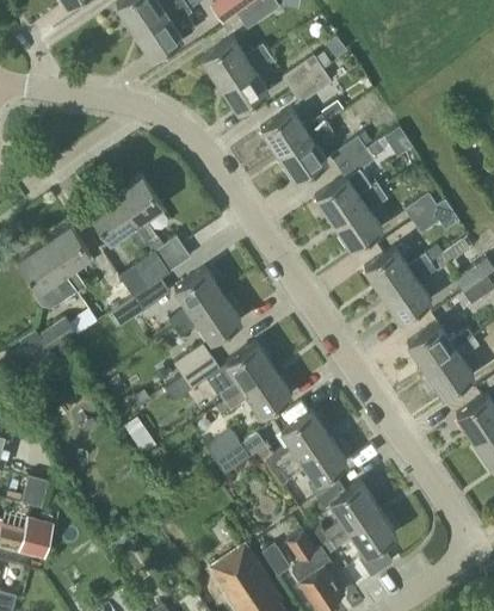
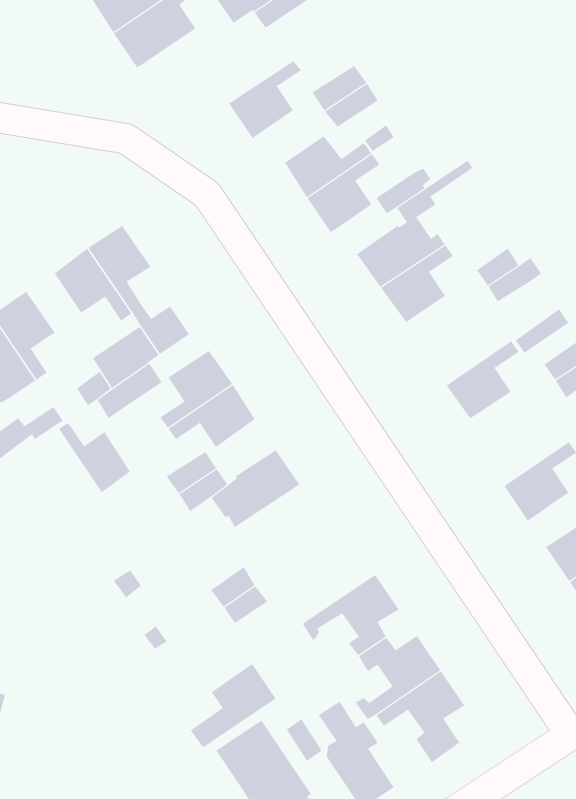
building: [202,39,268,86] -> none
building: [364,248,431,296] -> none
building: none -> [58,422,131,493]
building: [407,323,474,371] -> none
building: [224,370,291,416] -> none
building: [265,411,329,474] -> [190,663,276,748]

